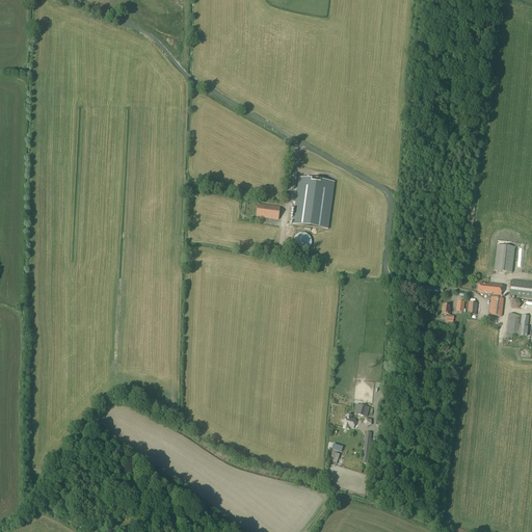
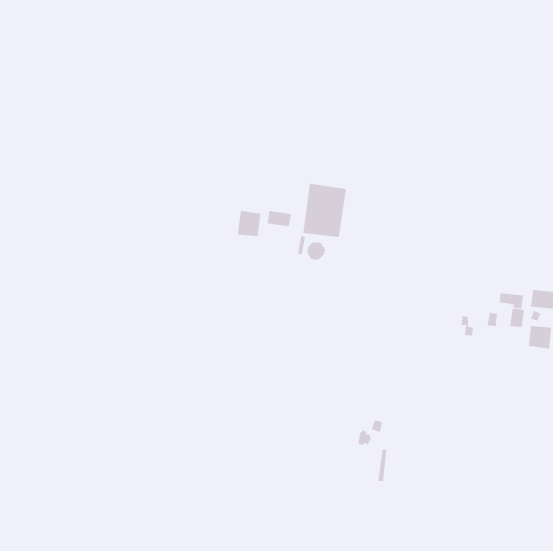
building: none -> [237,210,261,237]
building: [495,242,515,270] -> none

